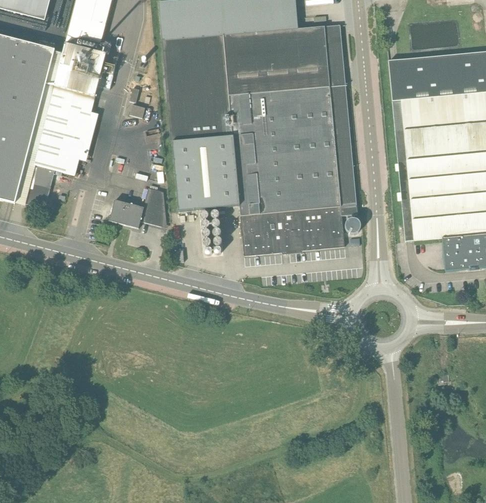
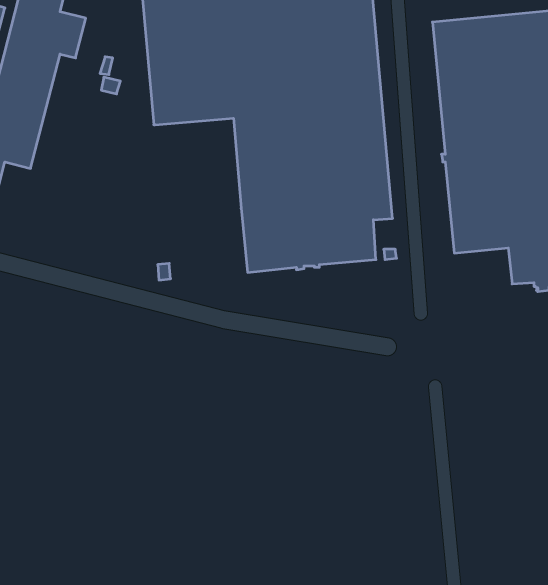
building: [172,135,239,210] -> none
building: [106,187,167,227] -> none

